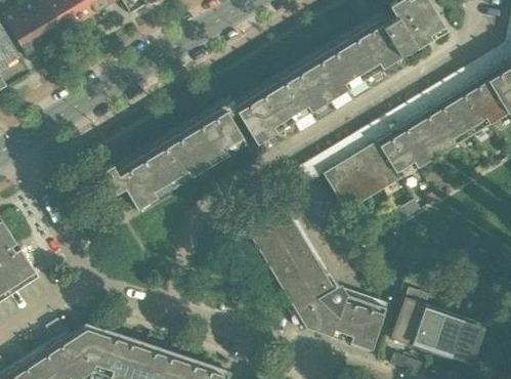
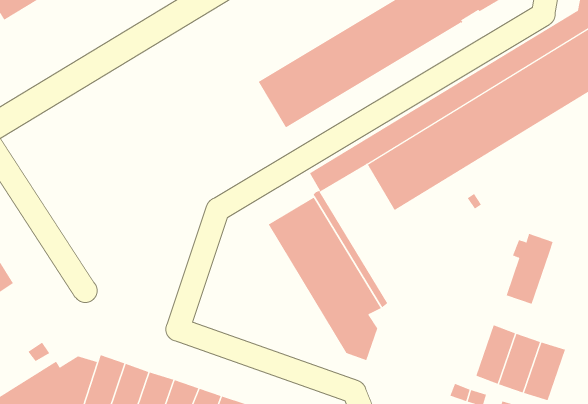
building: [102,104,247,209] -> none
building: [391,288,430,346] -> [506,233,553,304]
building: [324,294,387,350] -> none

